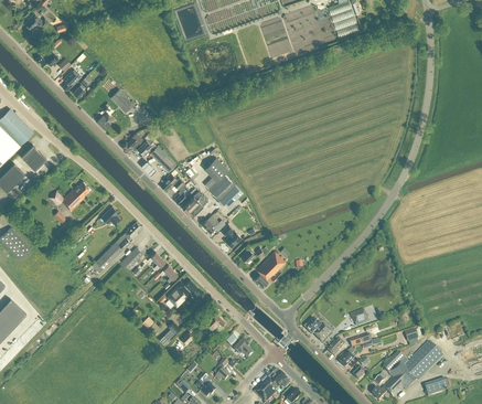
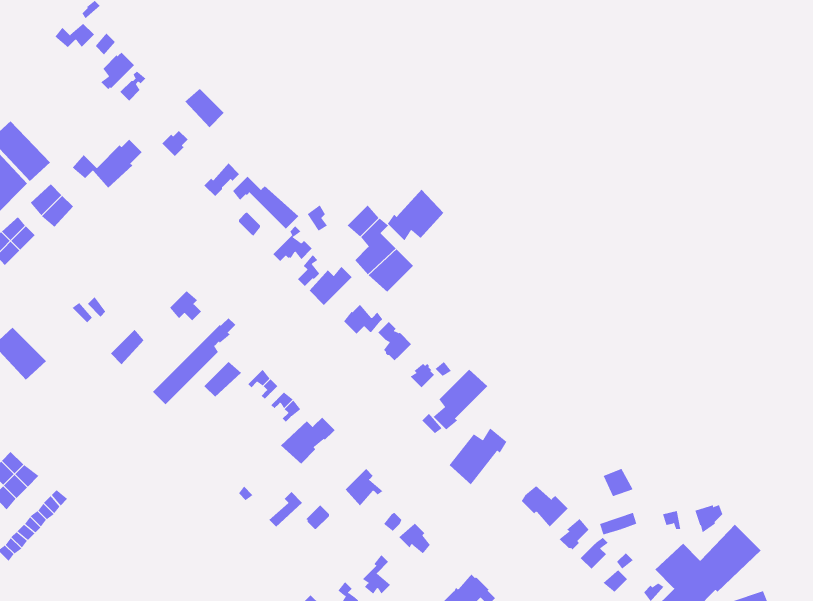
building: none -> [387,189,444,241]
building: [50,181,90,210] -> [72,139,143,188]
building: none -> [449,428,507,485]

